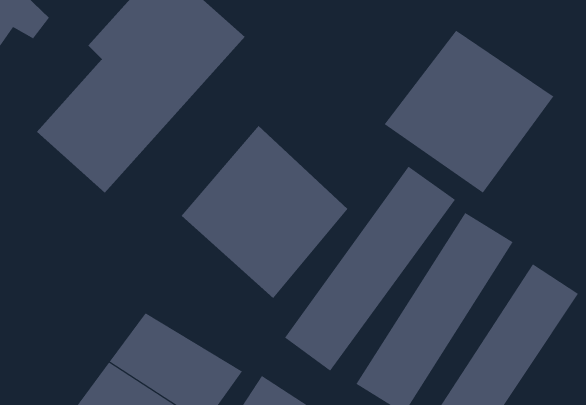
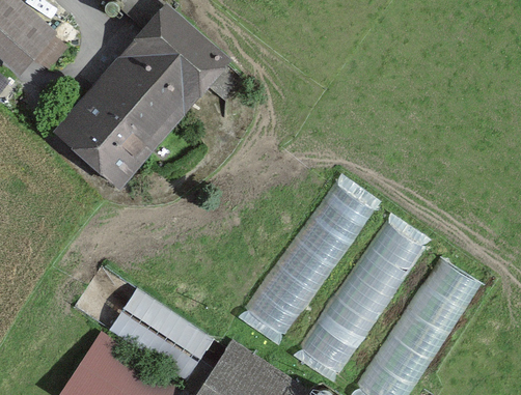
building: [384,30,554,194] -> none
building: [181,125,348,299] -> none

